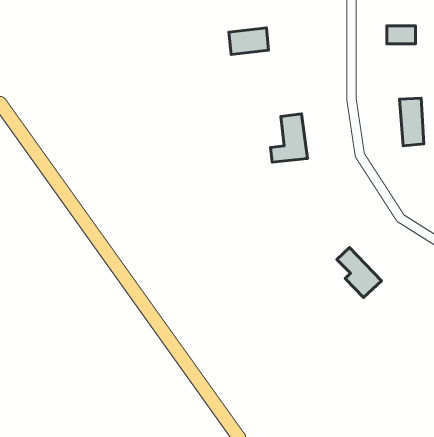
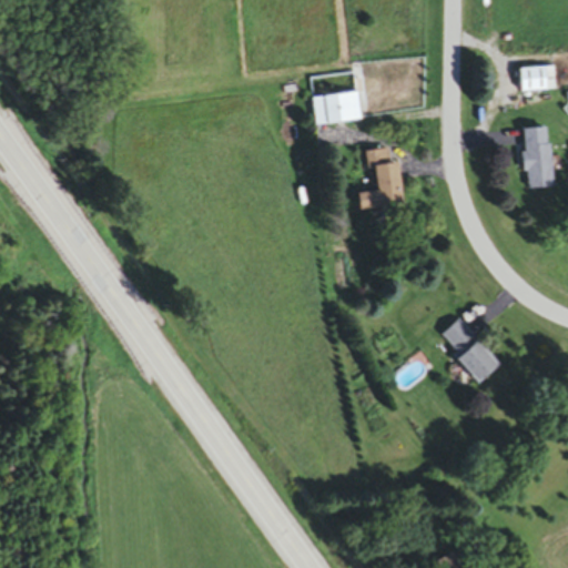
building: [387,26,415,44] -> [520,65,557,89]
building: [229,28,268,55] -> [315,90,366,124]

